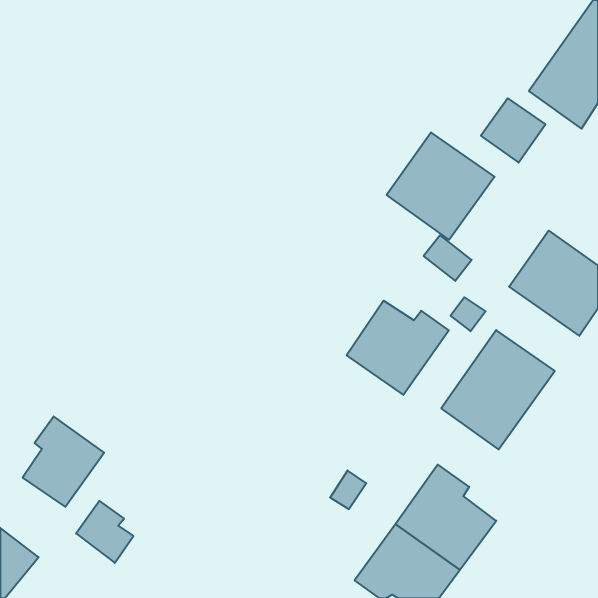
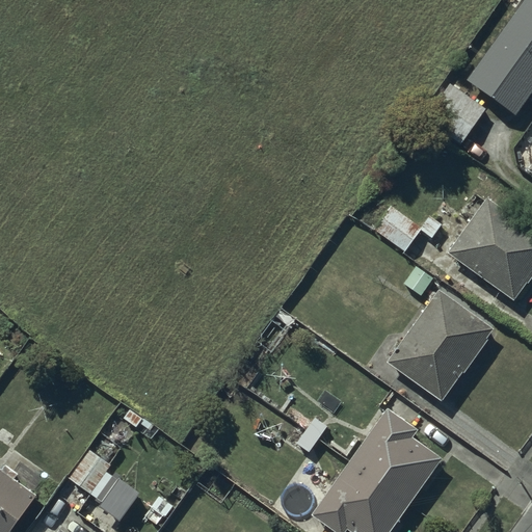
building: [387,132,495,240] -> none
building: [347,301,449,395] -> none
building: [23,416,104,507] -> none

